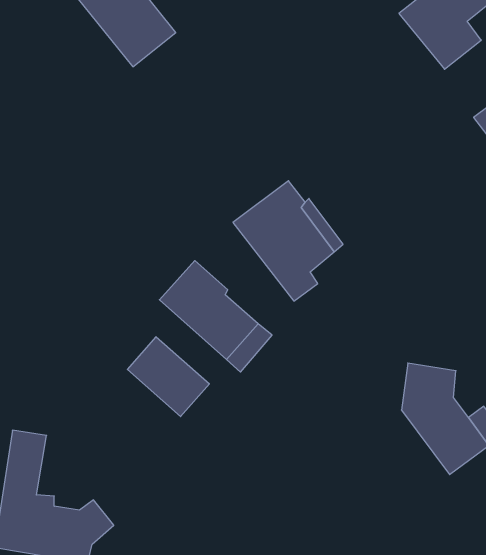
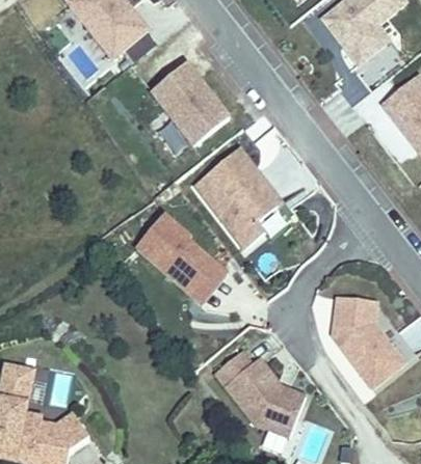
building: none -> [148,61,226,143]
building: [127,337,209,417] -> none
building: none -> [211,354,301,440]

